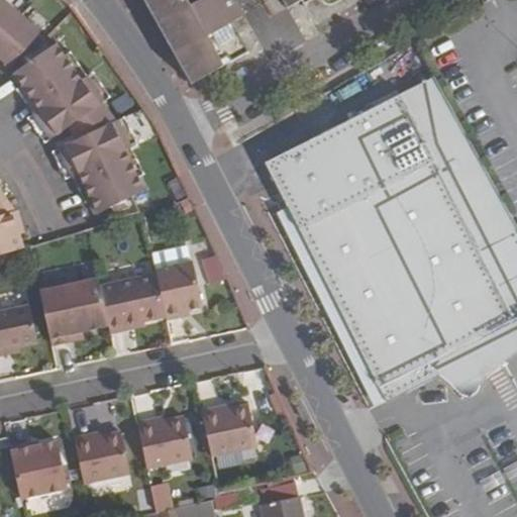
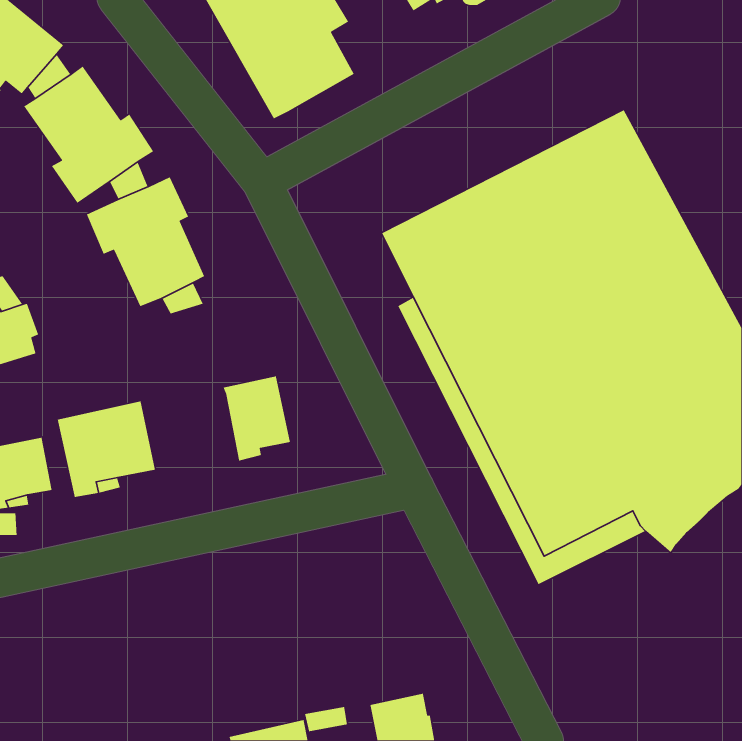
building: [100,274,165,332] -> none
building: [202,404,257,454] -> none
building: [136,416,192,467] -> none
building: [74,432,129,482] -> none
building: [9,440,68,498] -> none

